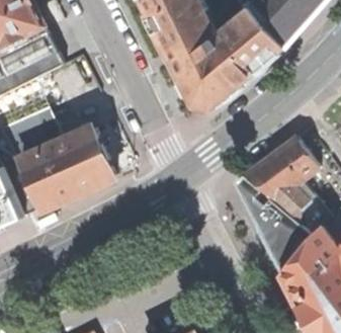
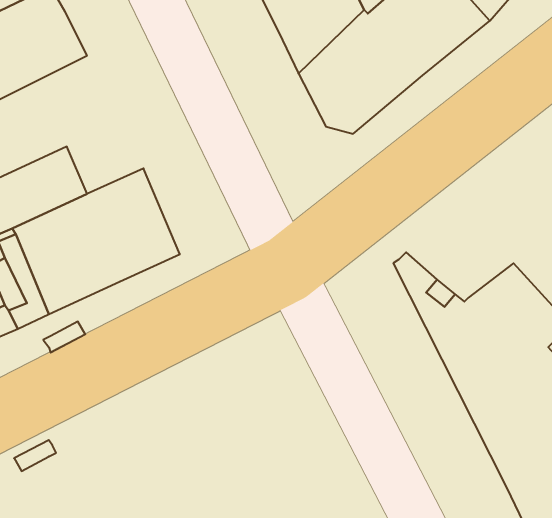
building: [245,138,317,199] -> none

